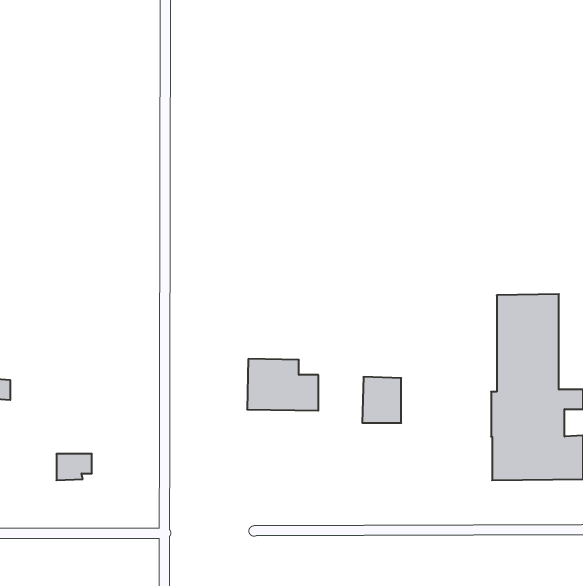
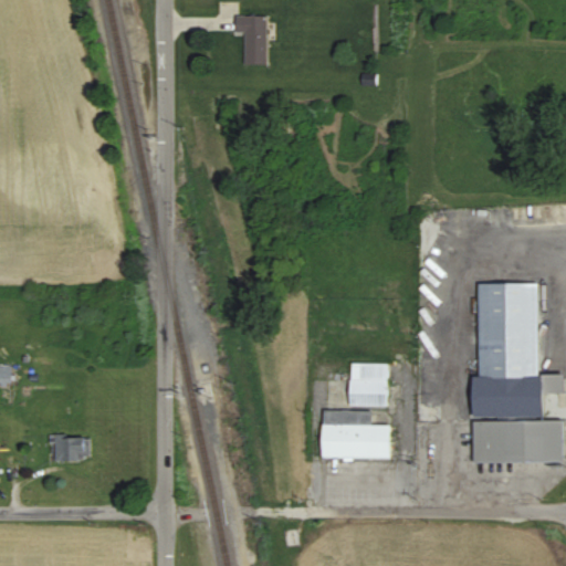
building: none -> [235,15,266,64]
building: [247,359,318,411] -> [321,410,389,460]

